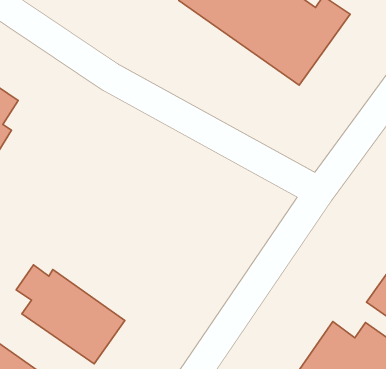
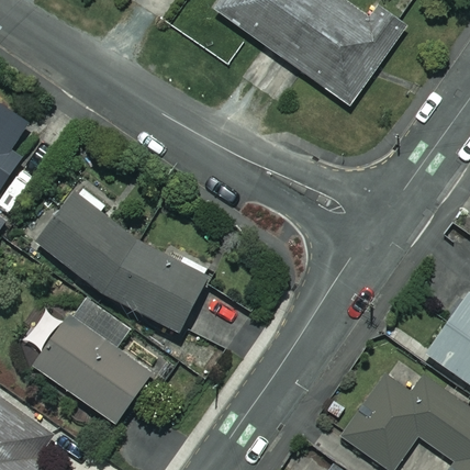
building: none -> [41,192,208,336]

